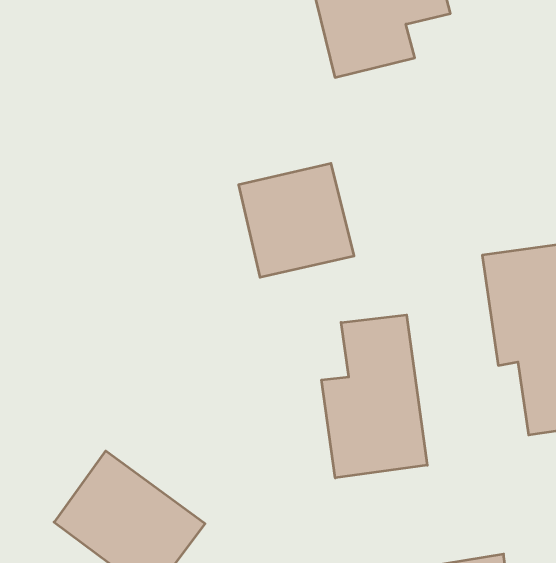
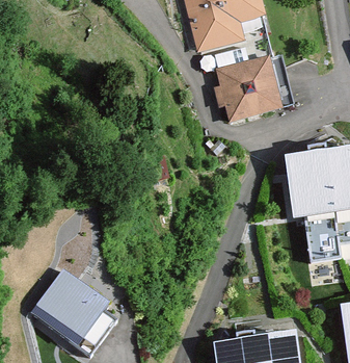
building: [239,163,354,277] -> [218,57,286,124]
building: [322,315,427,478] -> none

